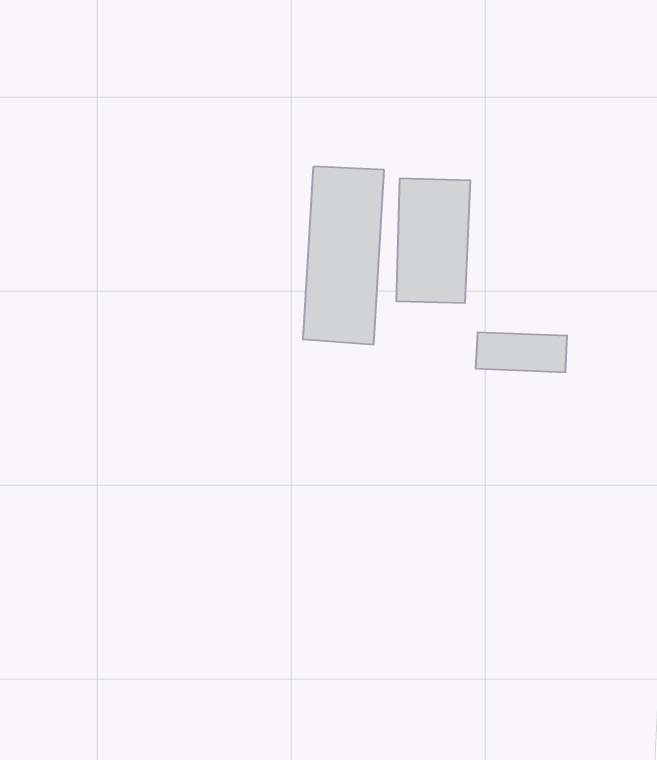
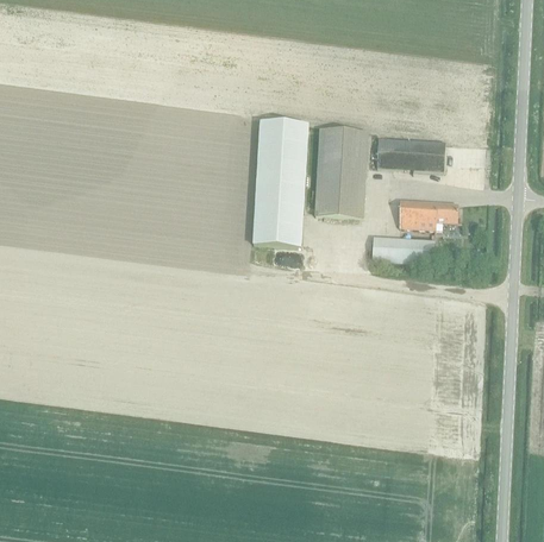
building: none -> [375,138,443,169]
building: none -> [398,201,456,229]

